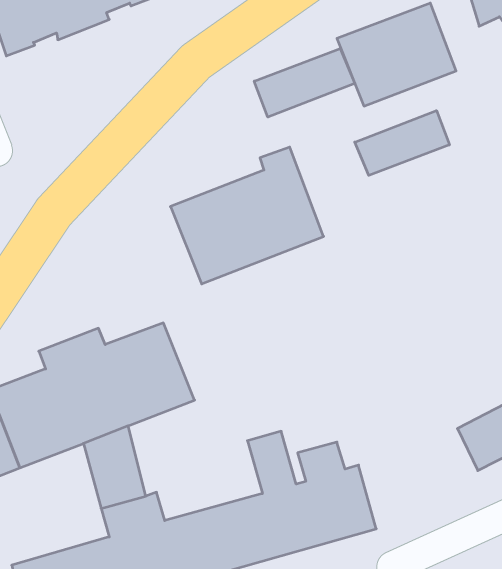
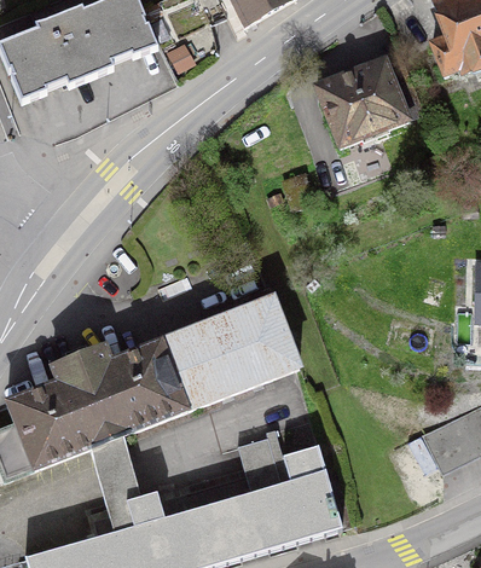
building: [254,48,355,117] -> none
building: [355,111,449,175] -> none
building: [170,147,324,284] -> [161,288,297,410]

